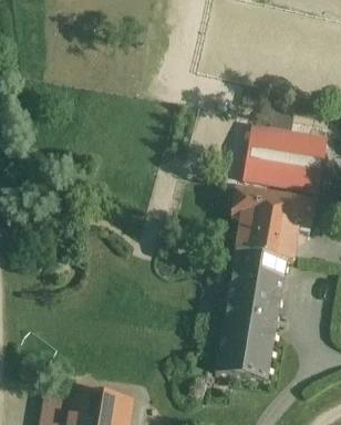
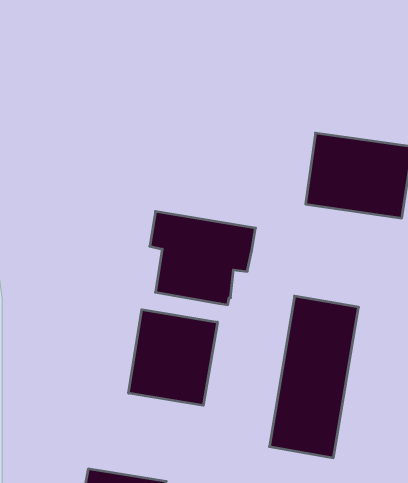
building: [230,189,314,263] -> [150,211,256,305]
building: none -> [129,310,217,405]

